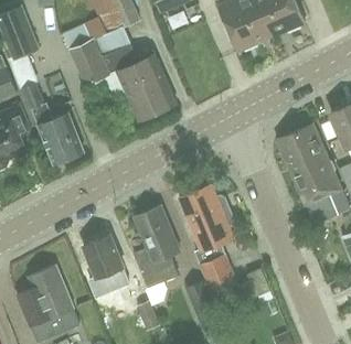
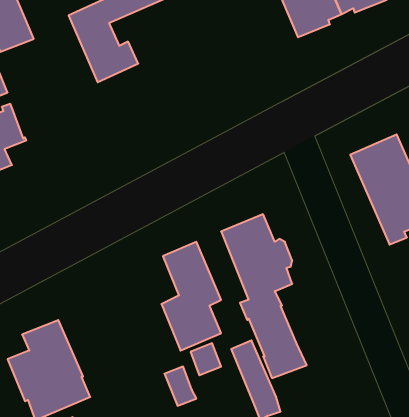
building: [108,45,177,119] -> none
building: [22,82,84,162] -> none
building: [83,235,129,297] -> none

